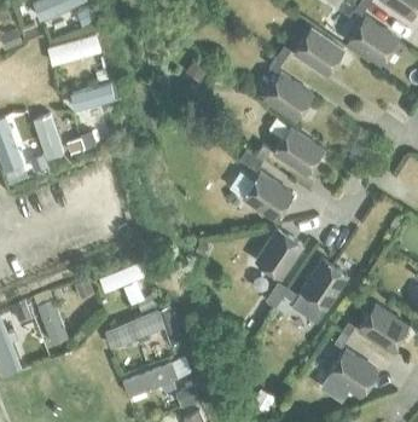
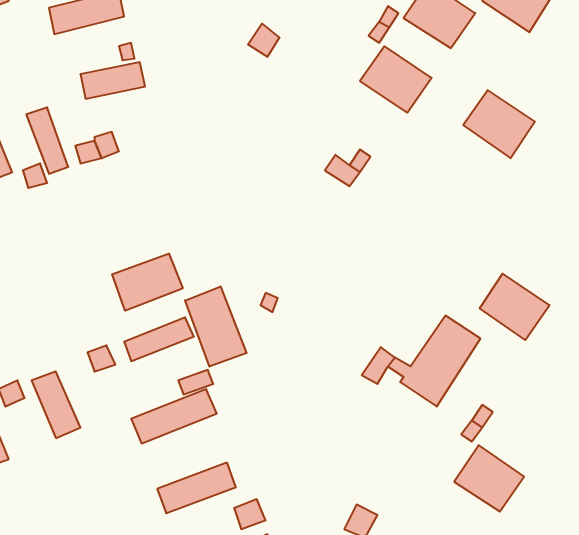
building: [273,128,323,175] -> [463,90,535,158]
building: [243,173,292,219] -> none
building: none -> [112,254,183,311]
building: [256,229,302,278] -> none
building: none -> [185,286,246,367]
building: [359,305,407,351] -> [480,274,550,340]

